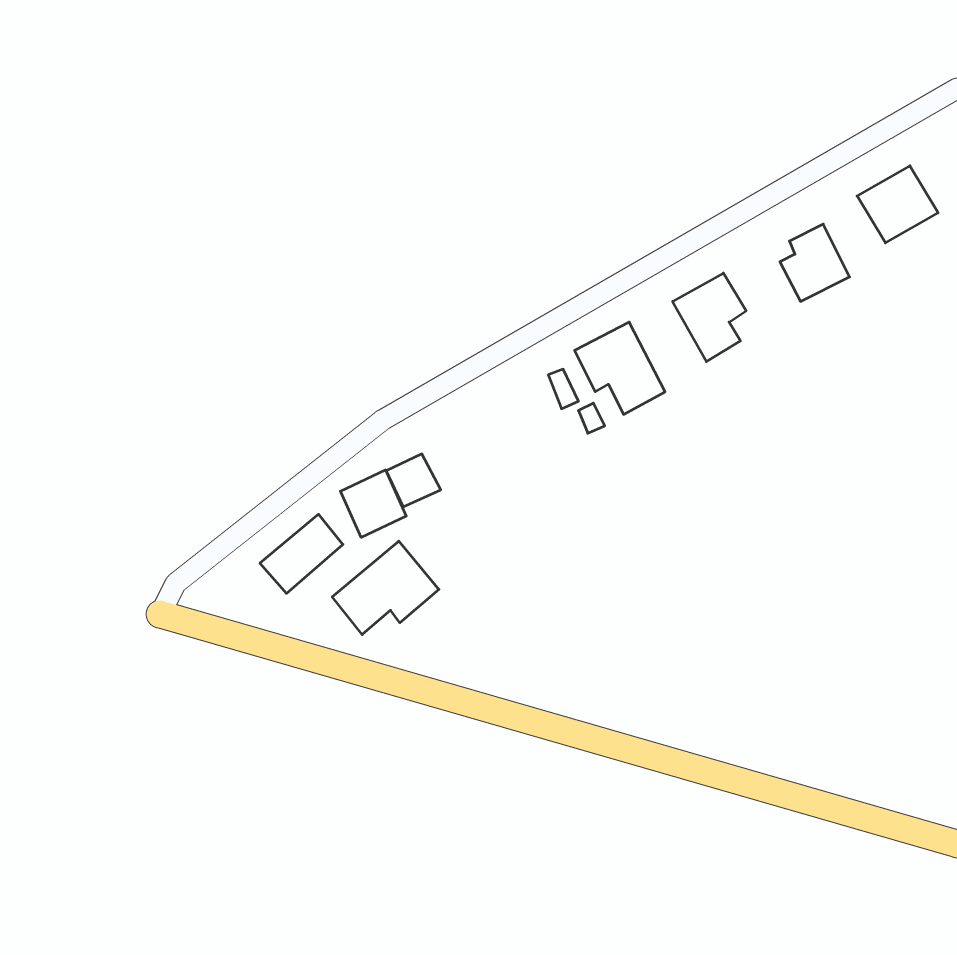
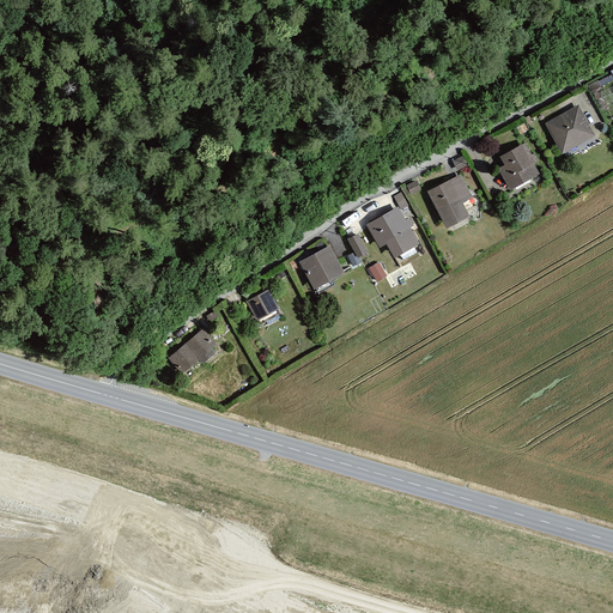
building: none -> [298,245,346,292]
building: [340,470,406,537] -> none
building: [332,541,439,635] -> none

